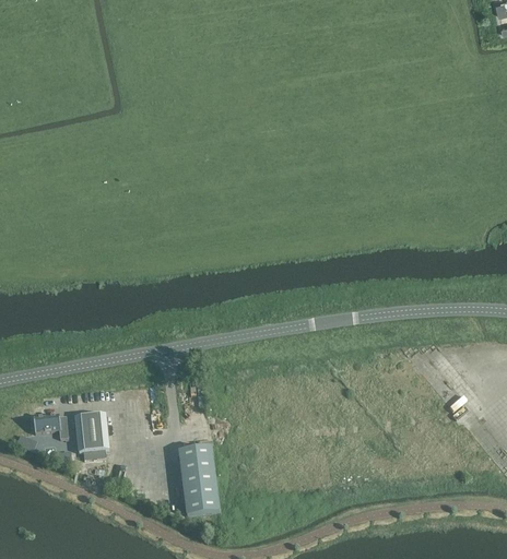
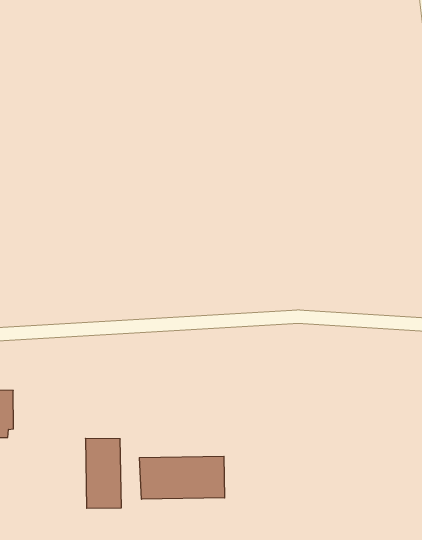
building: none -> [139,456,225,499]

